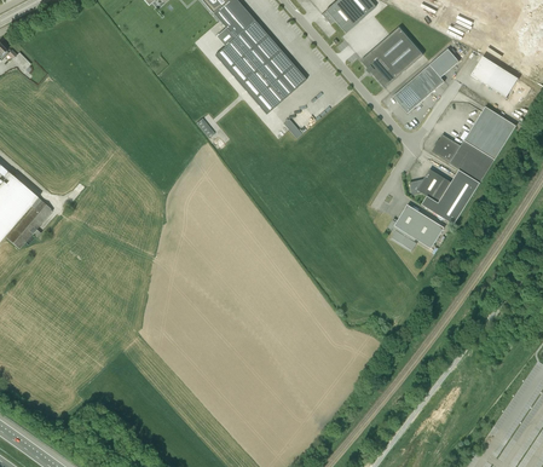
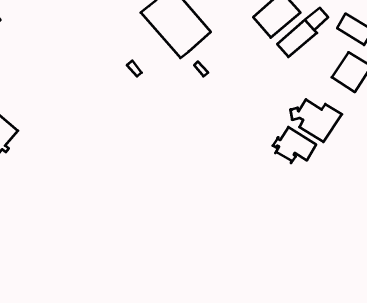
building: [432,132,495,186] -> none

